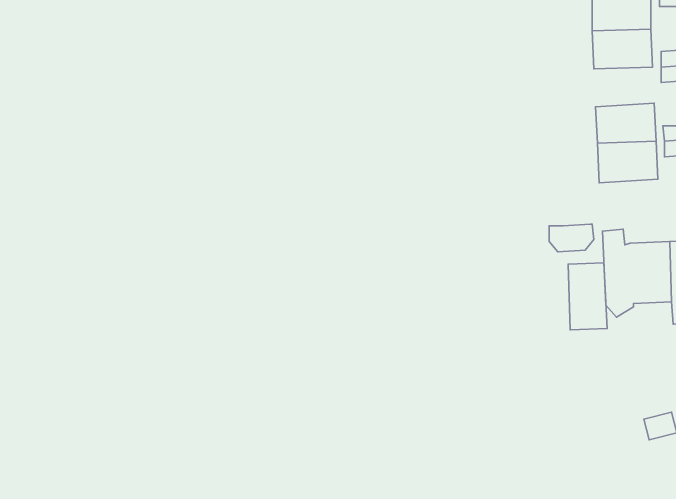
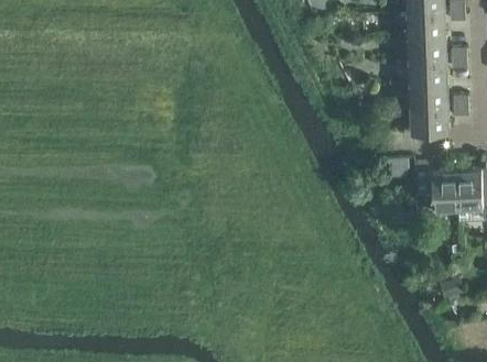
building: none -> [410,58,448,84]
building: [568,263,607,330] -> none

